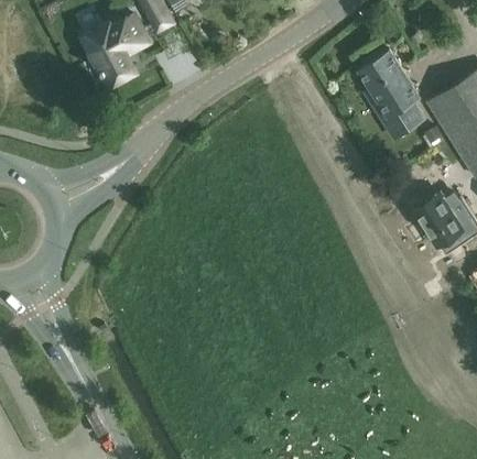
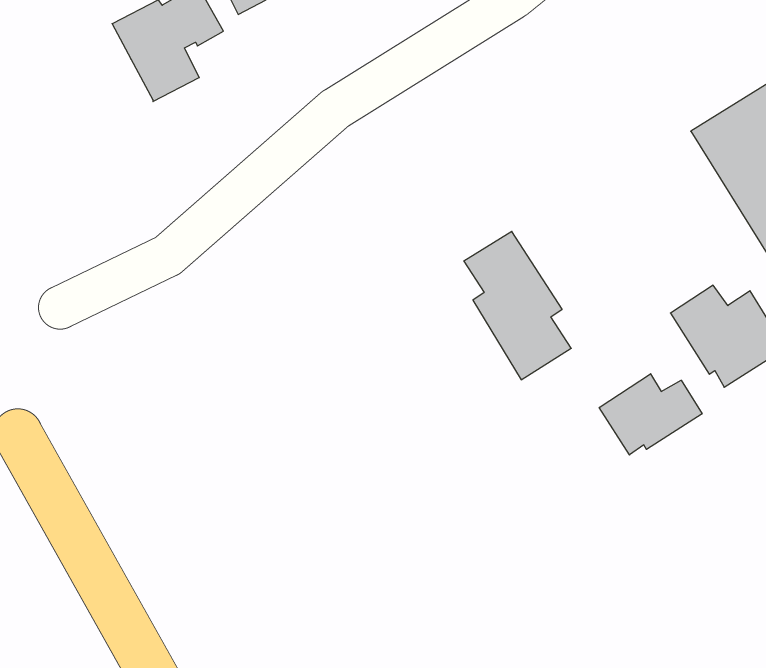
building: [360,51,424,139] -> [464,231,571,380]
building: none -> [599,374,702,455]

